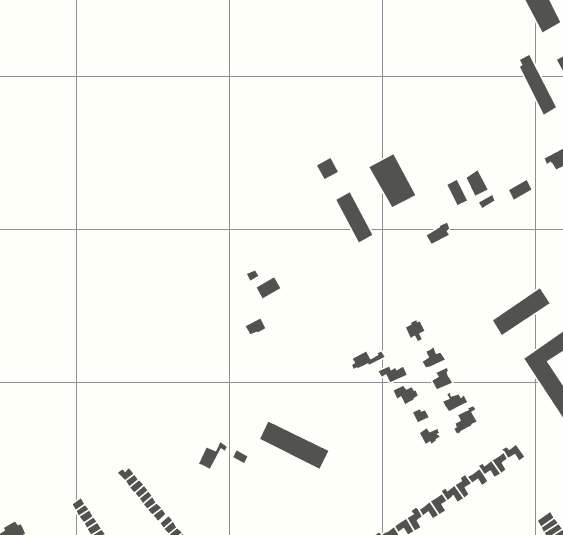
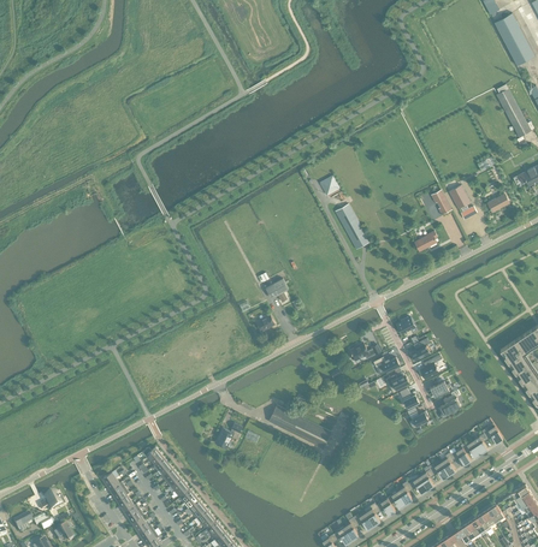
building: [368,153,417,208] -> none
building: [492,287,551,336] -> none

